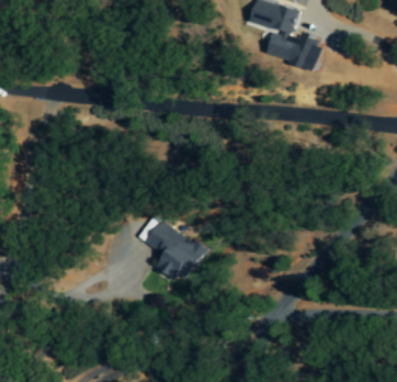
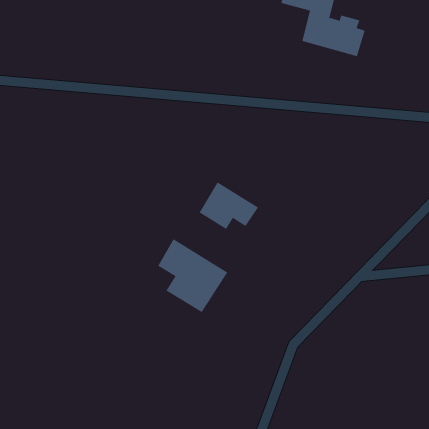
building: none -> [199,181,259,230]

